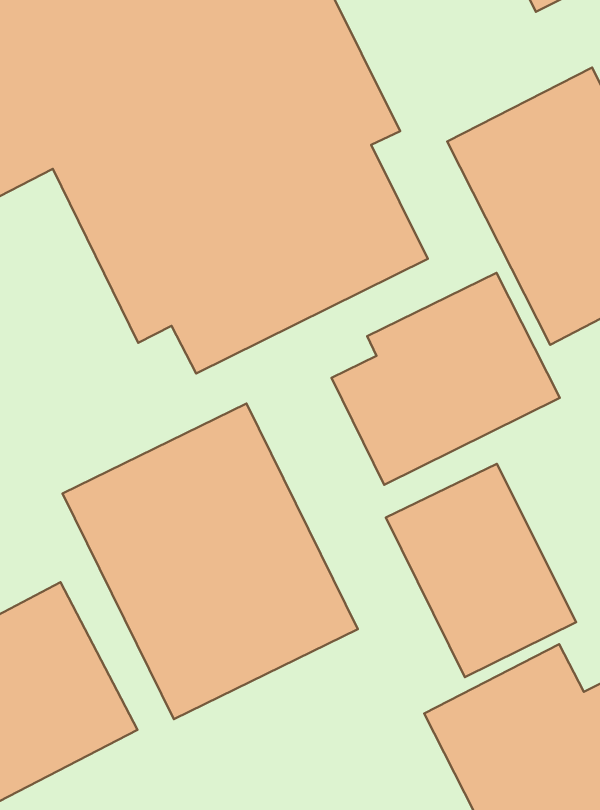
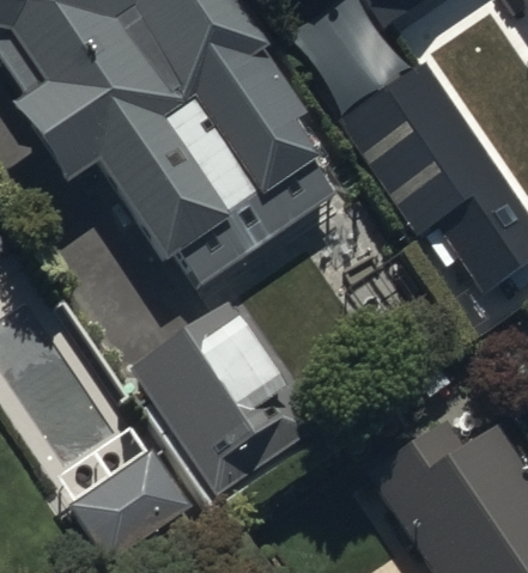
building: [331,273,560,485] -> none
building: [386,464,576,677] -> none

